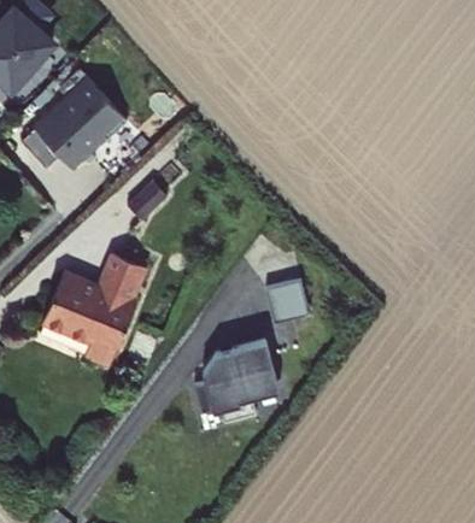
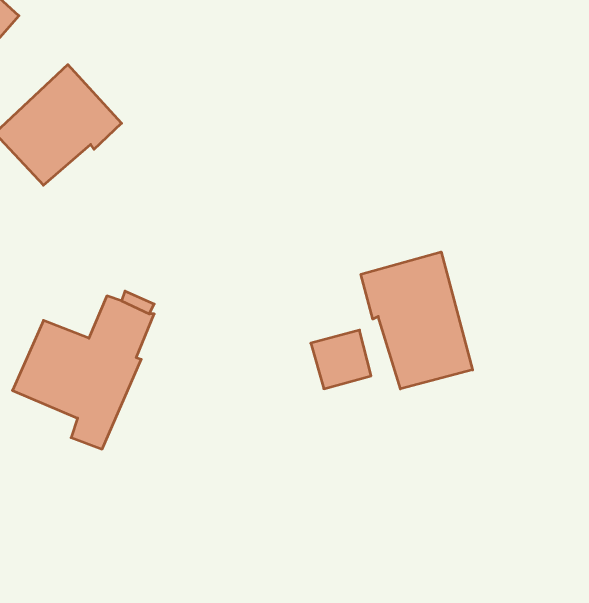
building: none -> [361,252,473,389]
building: [192,339,276,423] -> none

